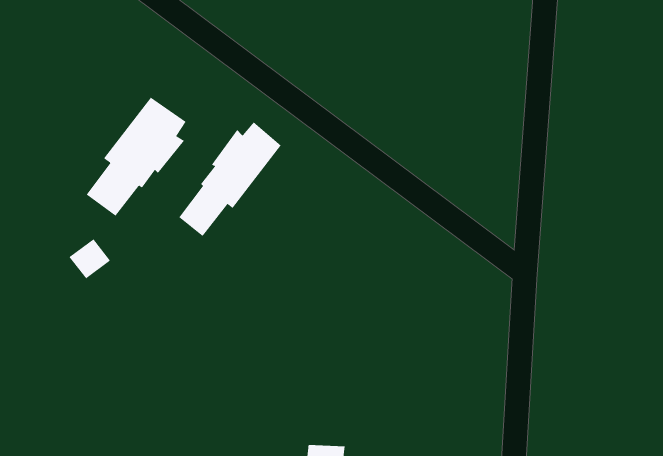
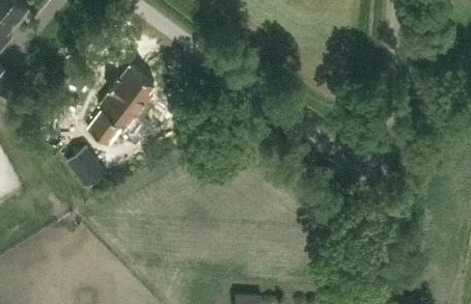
building: [179,121,281,237] -> none

